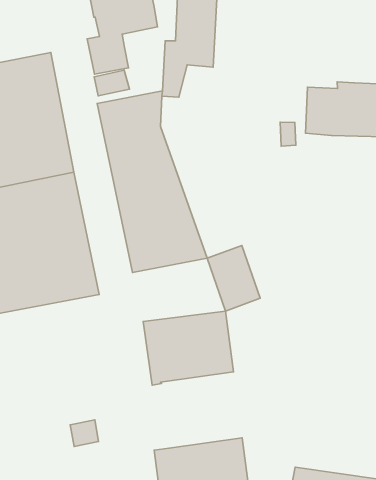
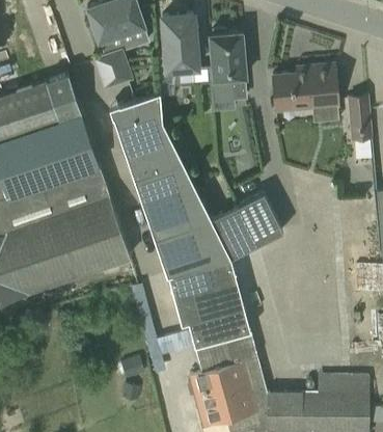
building: none -> [209,31,245,101]
building: none -> [237,194,282,246]
building: none -> [154,220,230,277]
building: none -> [187,306,256,373]

